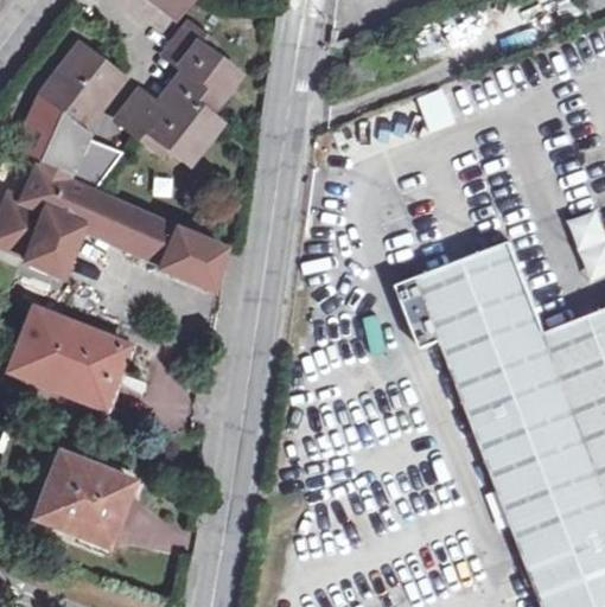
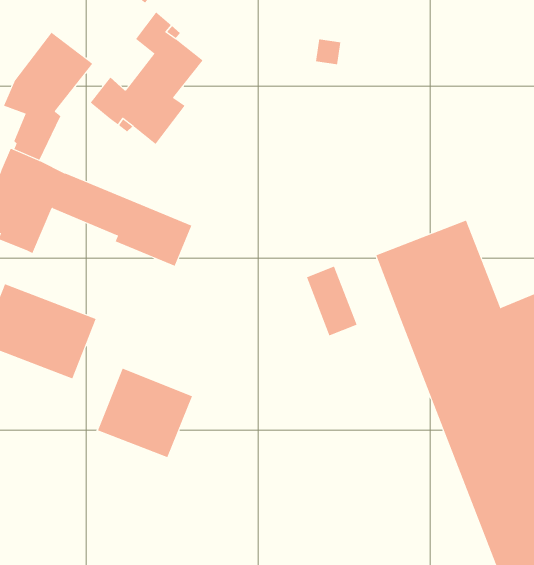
building: [65,133,121,192] -> none
building: [386,277,439,351] -> [306,266,357,336]
building: [31,452,130,545] -> [97,368,193,458]

